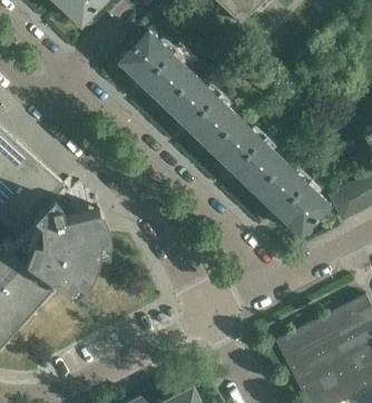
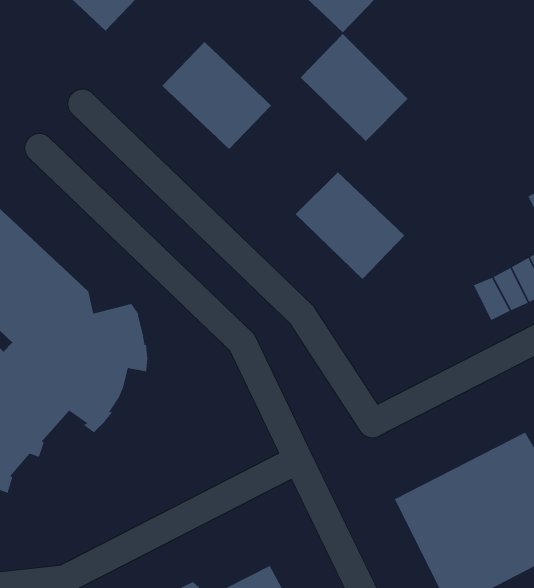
building: [164,75,237,148] -> [300,33,409,142]
building: [254,163,327,236] -> none

